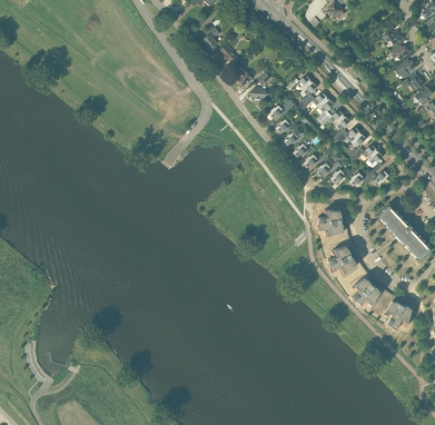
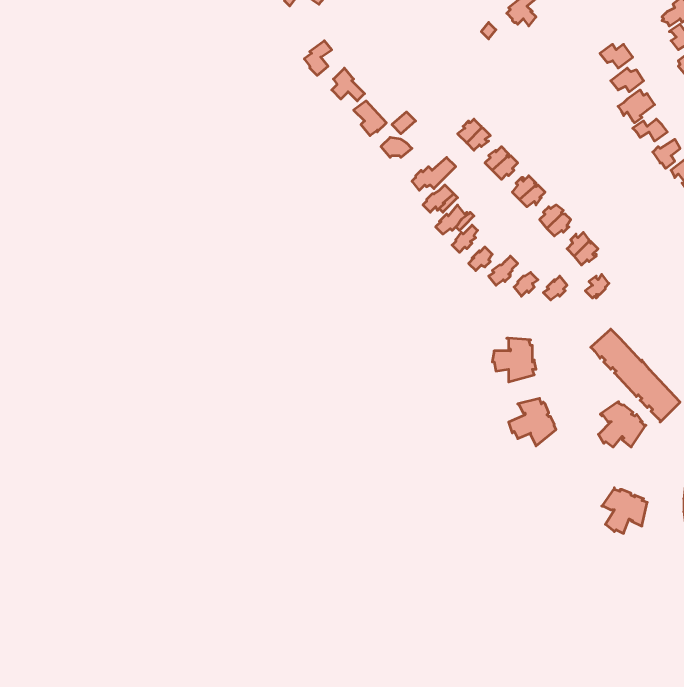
building: [352,277,380,305] -> [598,402,646,447]

